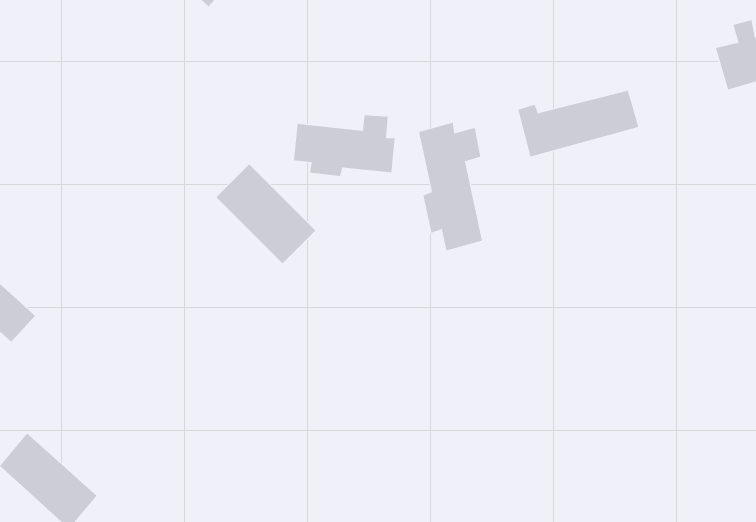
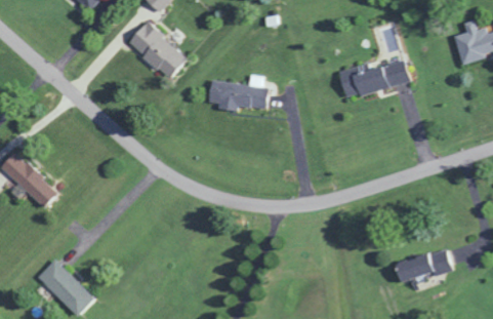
building: [419,122,482,251] -> none
building: [216,164,316,264] -> [128,21,187,79]
building: none -> [394,250,451,282]

